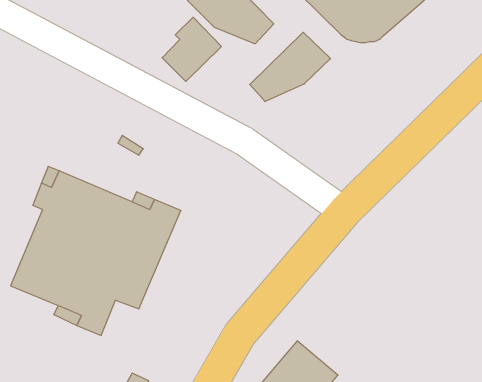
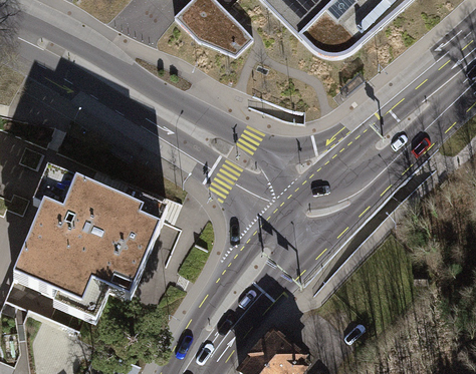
building: [162,17,221,81] -> none
building: [250,32,331,102] -> none

